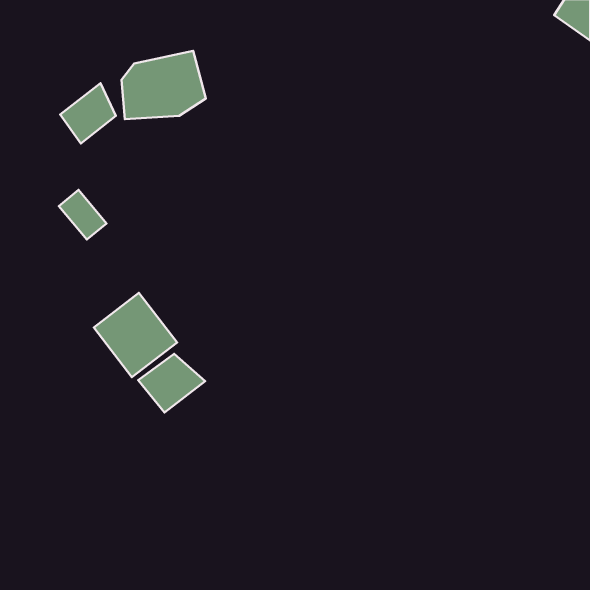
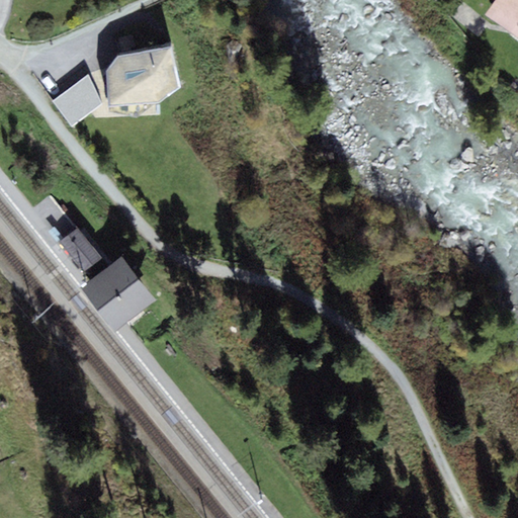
building: [59,190,106,240] -> [59,227,100,270]
building: [138,354,205,412] -> none

